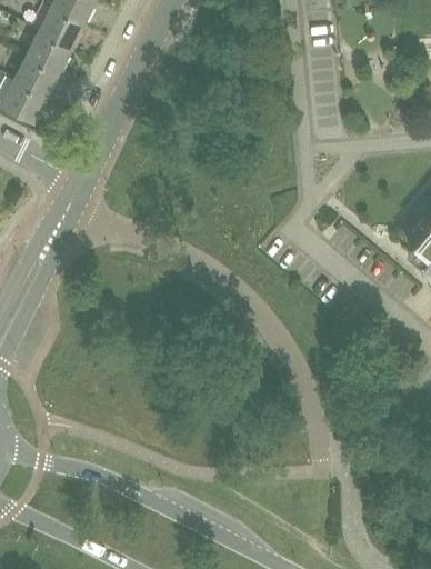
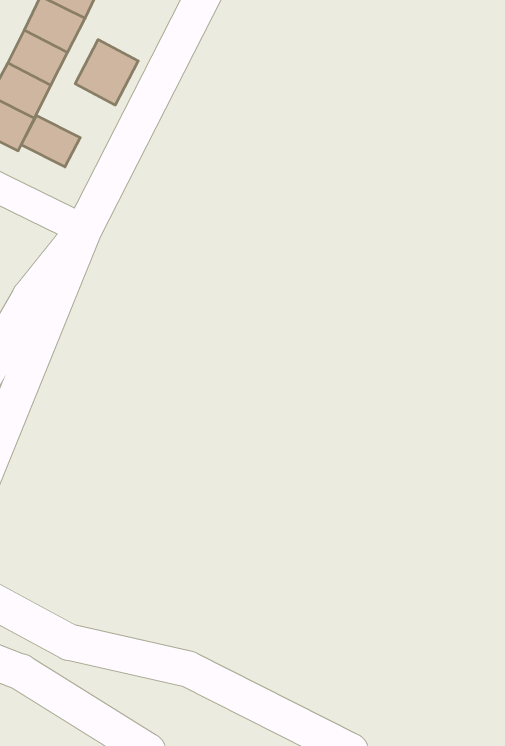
building: none -> [75,40,138,105]
building: none -> [21,116,80,167]

